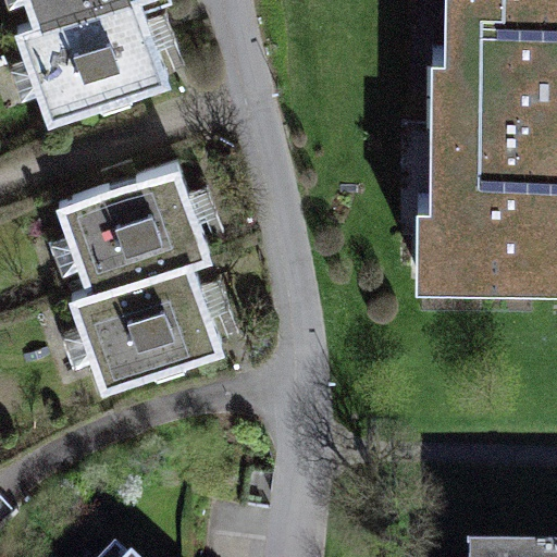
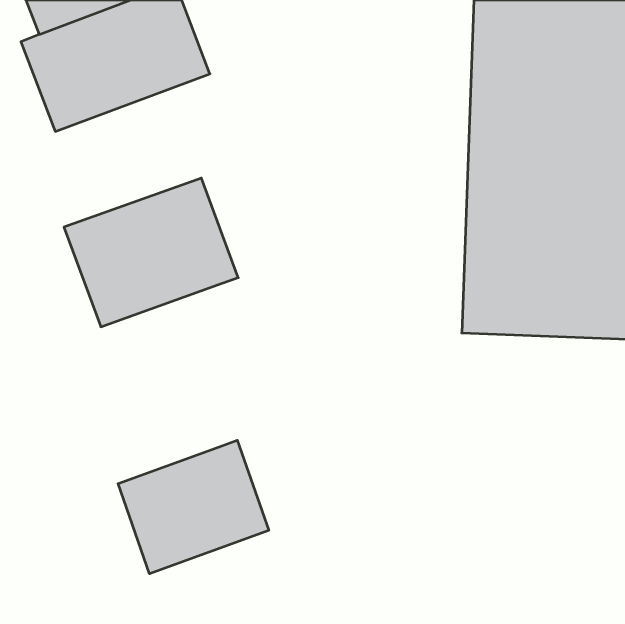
building: [74,256,225,387] -> none
building: none -> [118,440,269,574]

